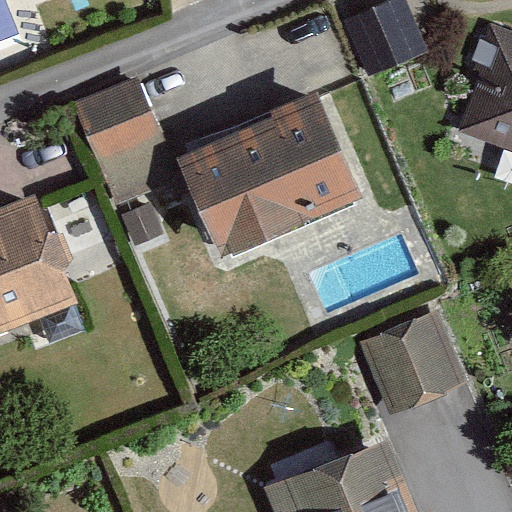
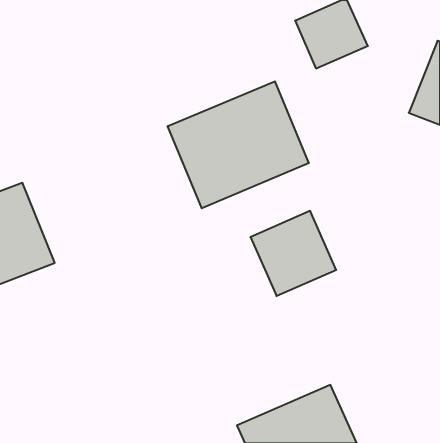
building: [84,88,173,196] -> none
building: [361,315,460,413] -> [250,211,336,296]

